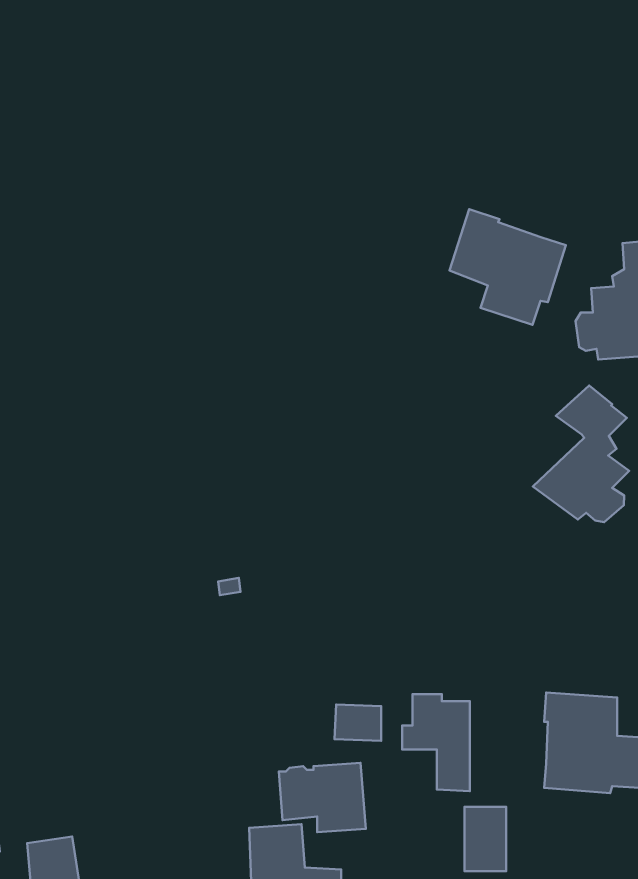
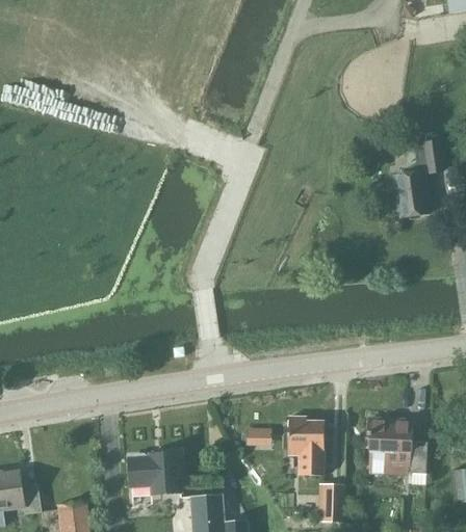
building: [449,209,566,325] -> none
building: [533,385,629,522] -> none
building: [279,763,366,832] -> [131,452,183,494]

